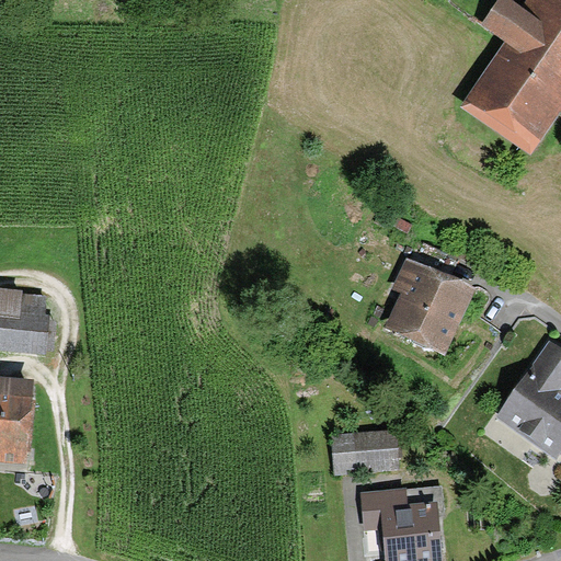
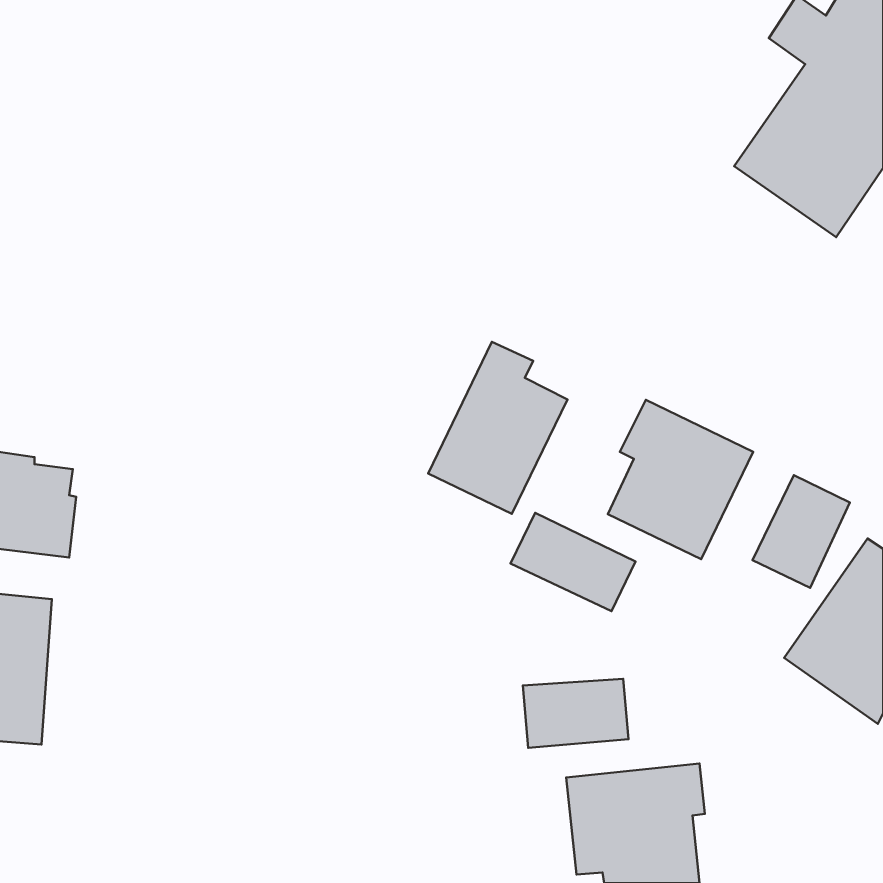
building: none -> [428,342,567,514]
building: none -> [752,475,850,588]
building: none -> [511,513,636,611]

